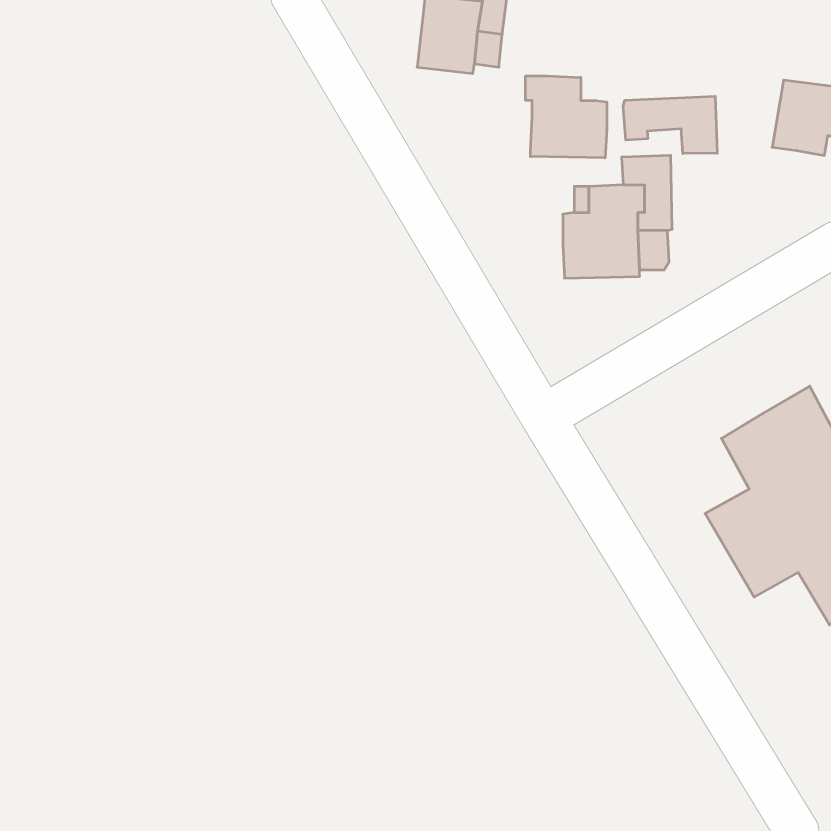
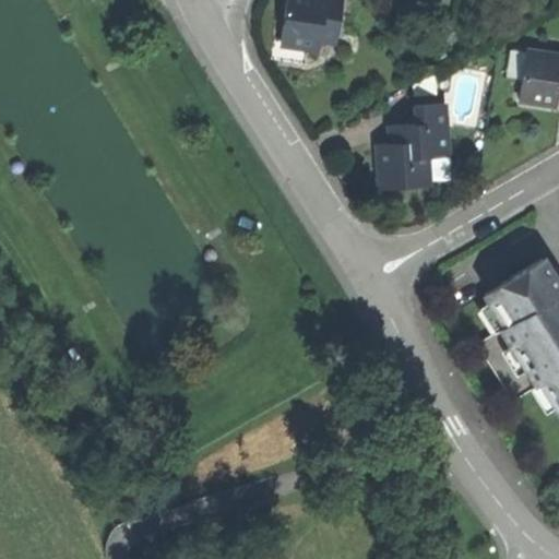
building: [526,76,607,158] -> none
building: [623,96,717,154] -> none

